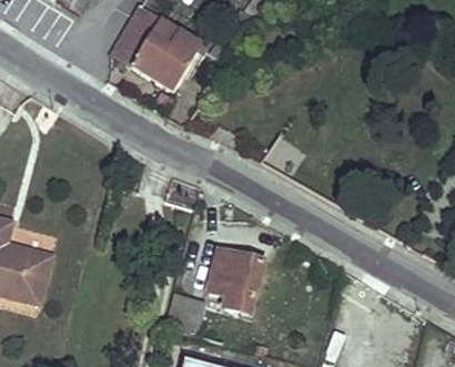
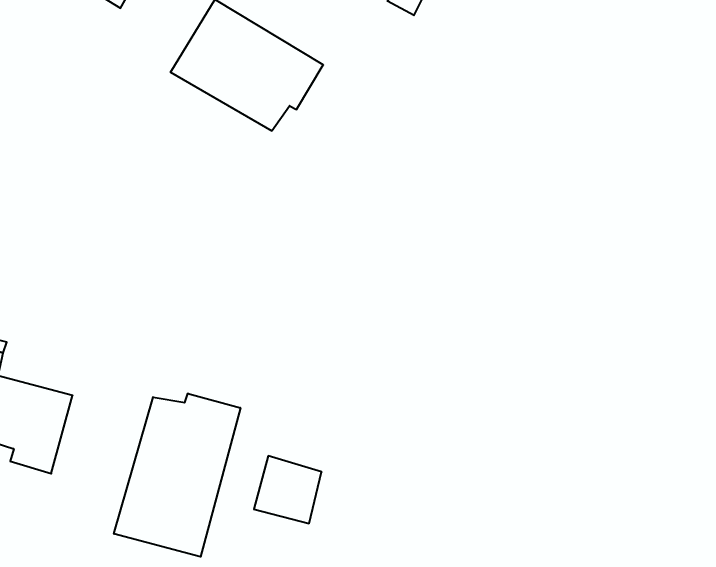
building: [210,247,267,310] -> none
building: none -> [114,393,240,557]

